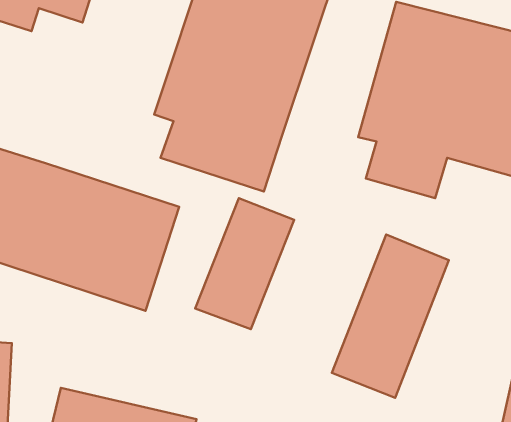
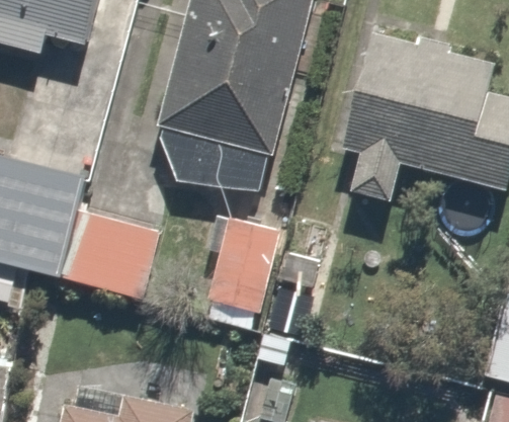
building: [332,234,449,398] -> none

